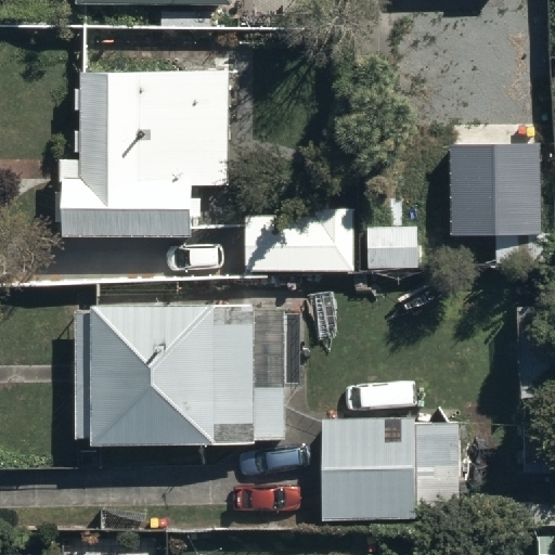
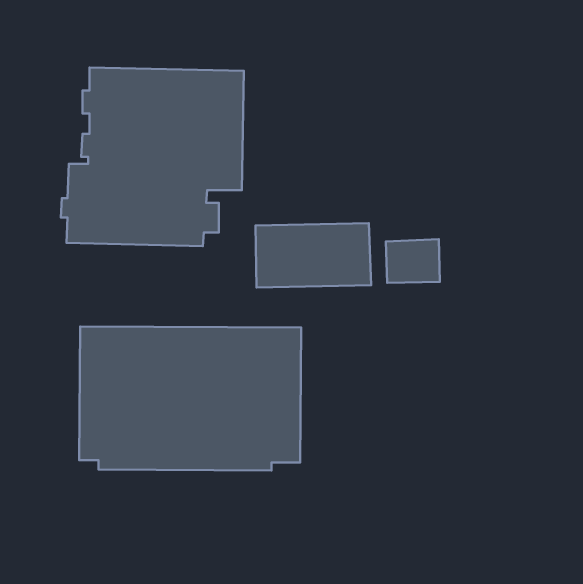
building: [448,145,539,236] -> none
building: [324,415,461,517] -> none

